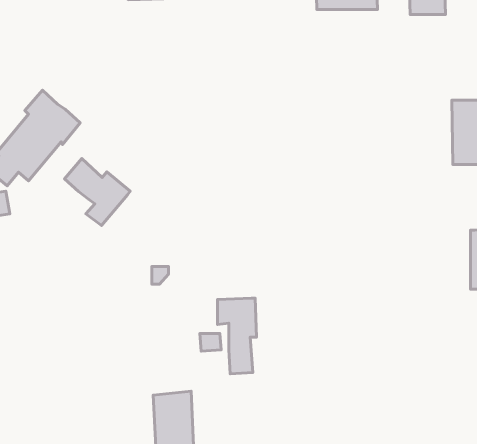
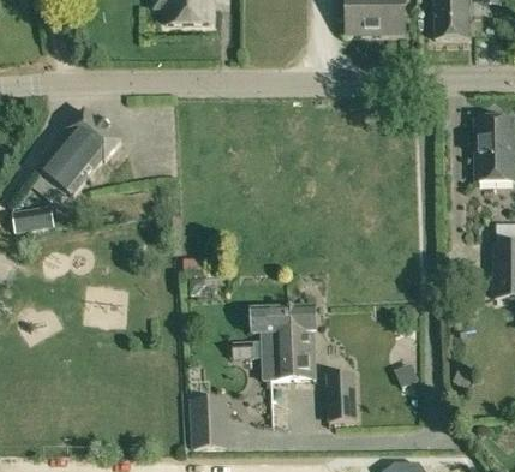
building: [64,159,130,226] -> none
building: none -> [282,305,315,377]
building: none -> [327,371,357,420]

